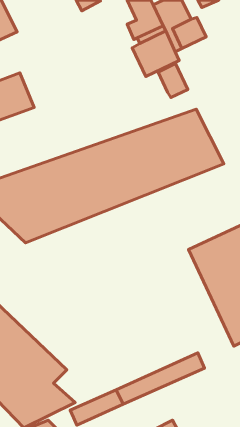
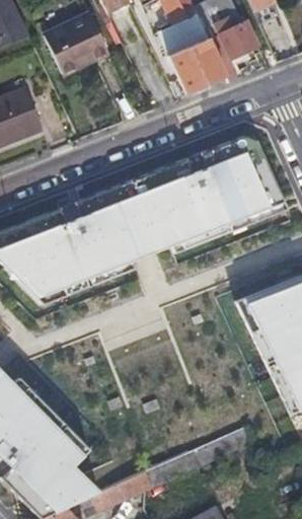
building: none -> [48,18,109,77]
building: [158,63,188,98] -> none

